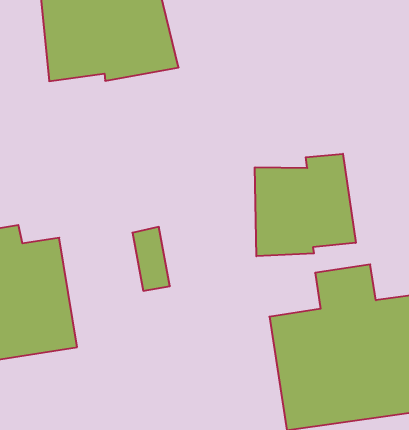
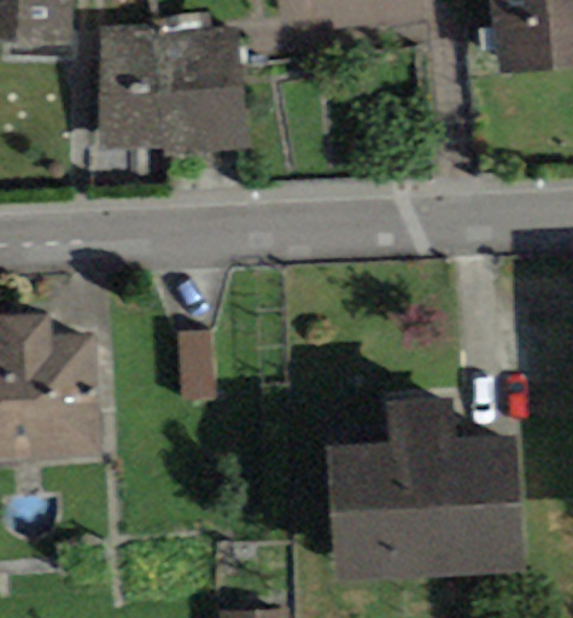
building: [255,154,356,256] -> none

